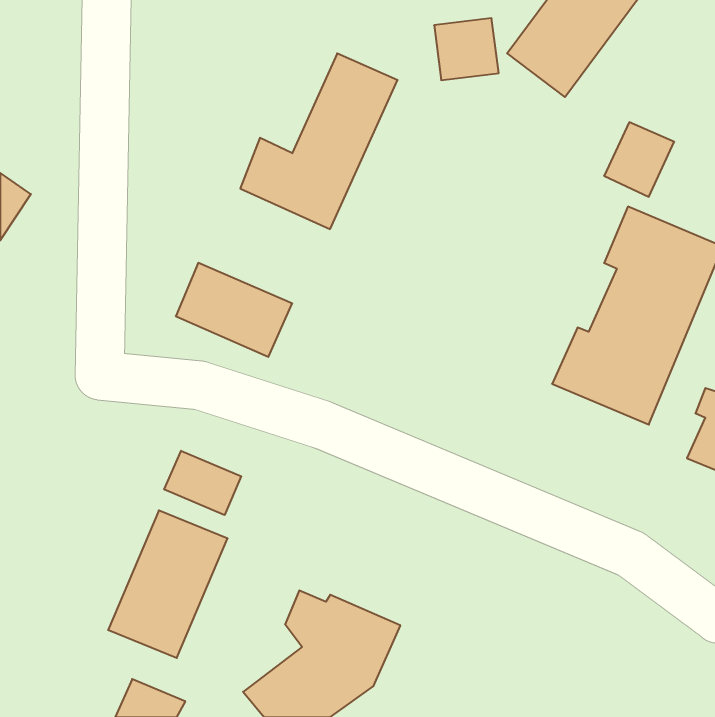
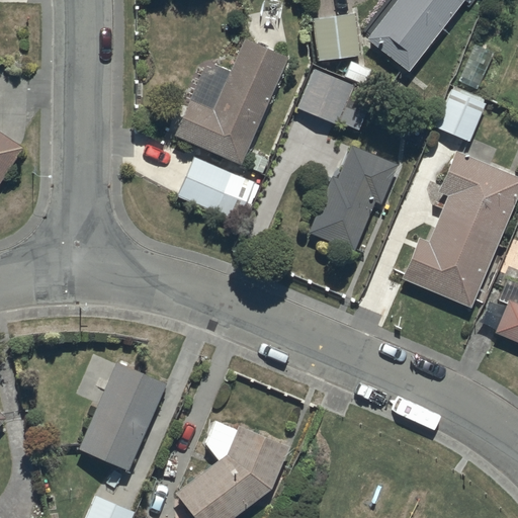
building: none -> [299,69,368,127]
building: none -> [311,143,400,248]
building: [176,263,292,357] -> [174,154,258,222]
building: [164,451,241,515] -> none

